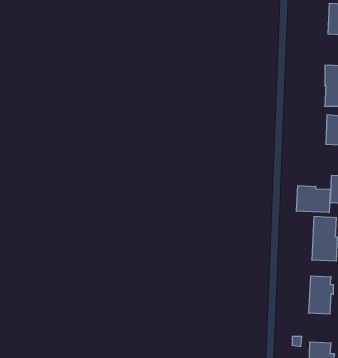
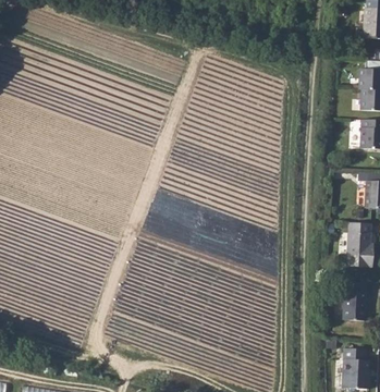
building: [296,186,330,213] -> none

